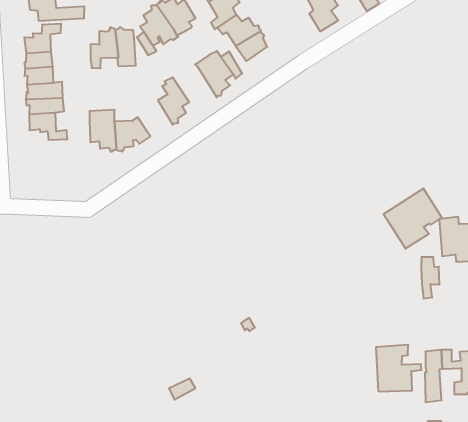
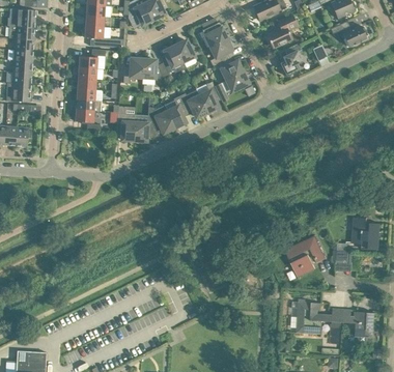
building: none -> [179,90,208,117]
building: none -> [148,107,175,133]
building: [384,188,442,249] -> [285,236,326,277]

